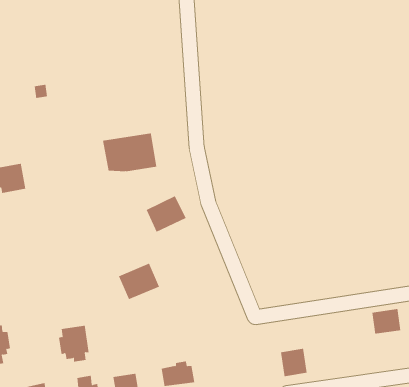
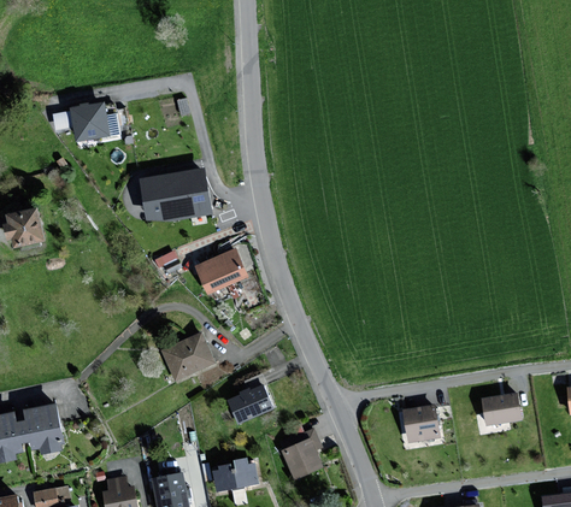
building: none -> [71,102,107,140]
building: none -> [226,387,271,423]
building: [58,325,89,362] -> [20,405,60,452]
building: none -> [279,429,322,478]
building: [280,348,308,377] -> [404,405,438,441]

